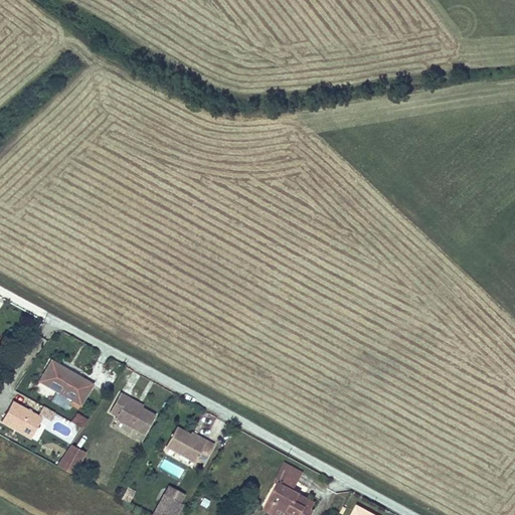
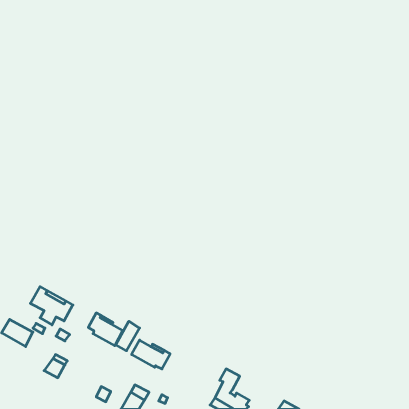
building: none -> [116,321,140,351]

